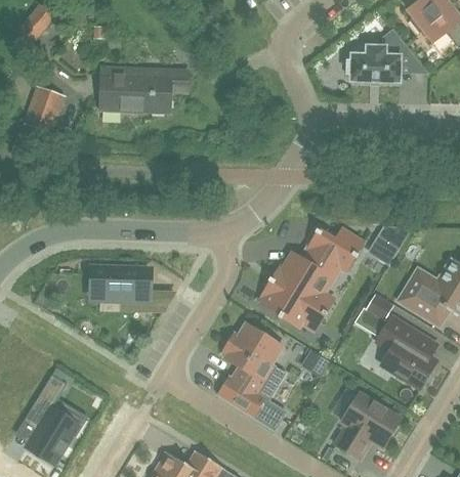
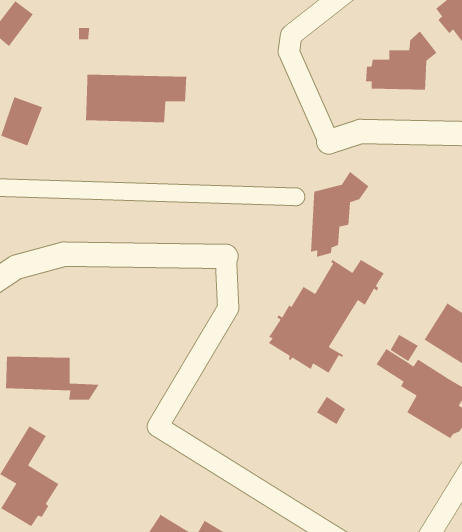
building: none -> [310,171,369,258]
building: [367,226,411,264] -> none
building: [91,269,174,308] -> [5,356,100,400]
building: [218,323,286,429] -> none
building: [334,393,401,460] -> none

